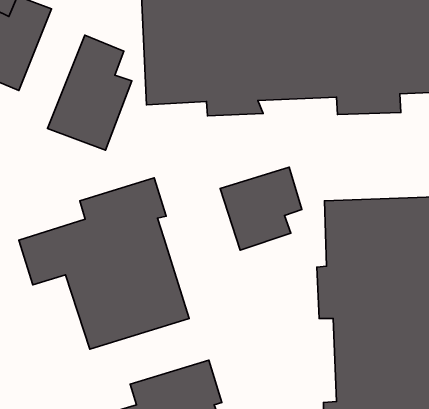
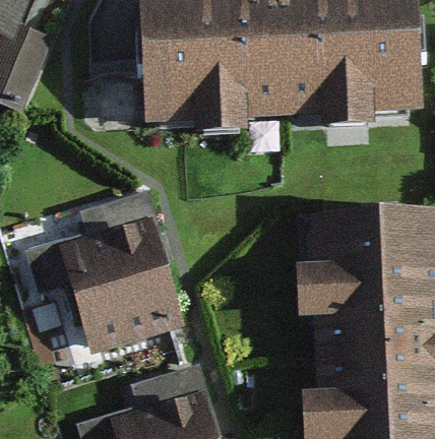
building: [48,35,132,150] -> none
building: [220,167,302,250] -> none

